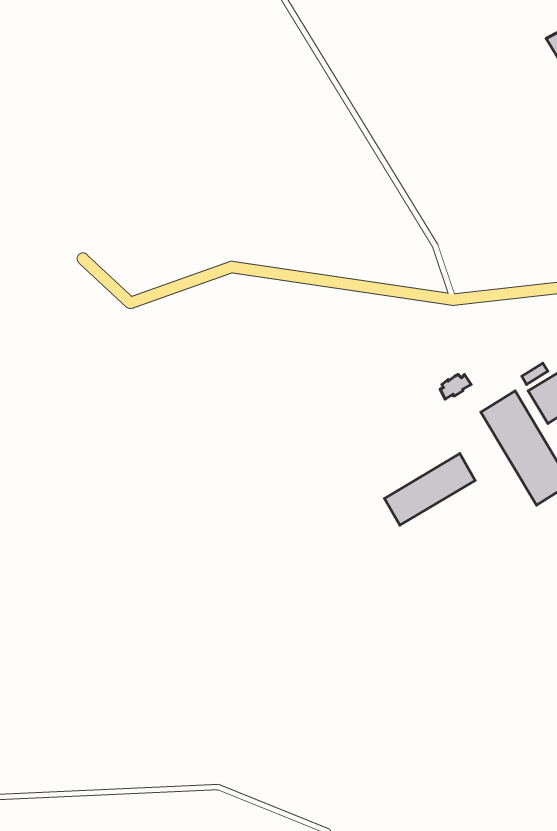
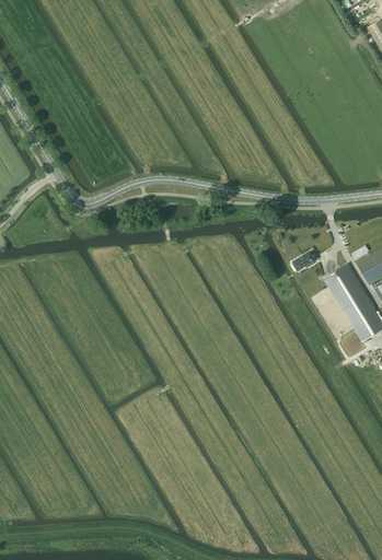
building: [385,454,475,525] -> none

